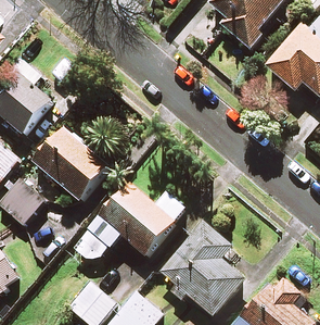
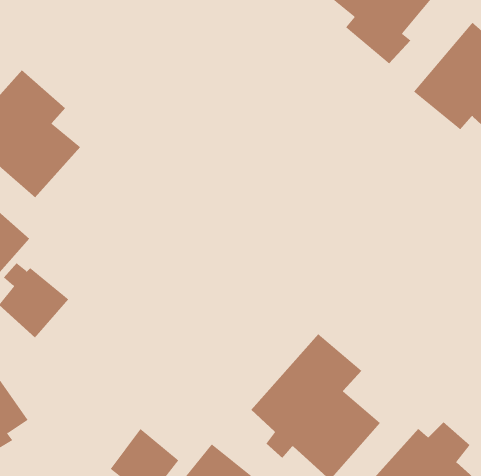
building: [35,128,110,201] -> none
building: [77,183,187,262] -> none

